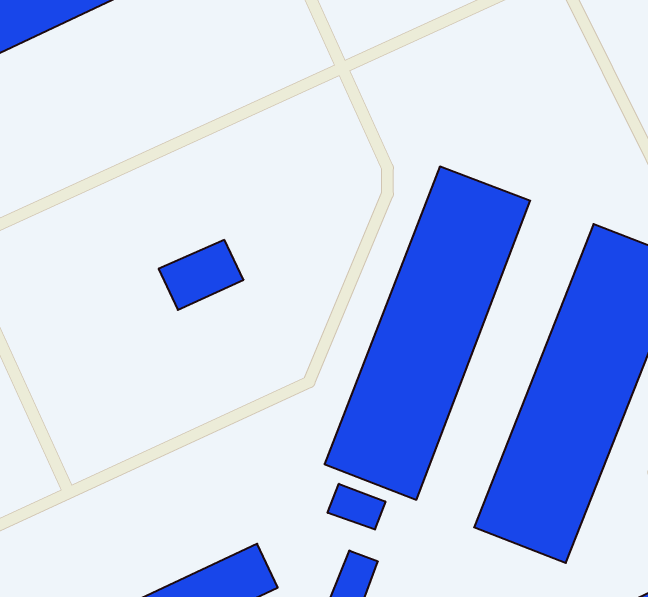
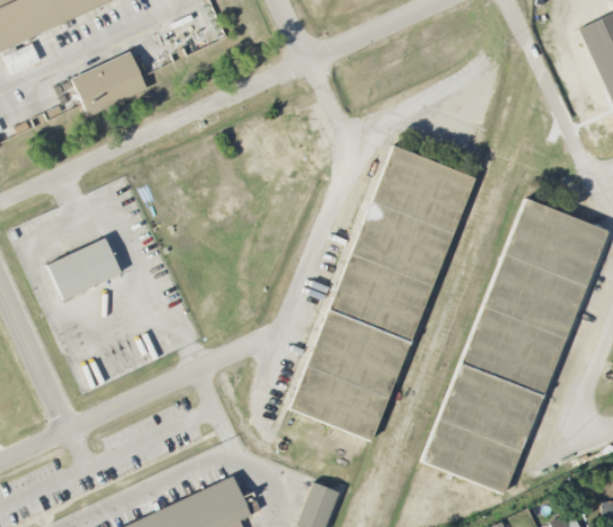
building: none -> [73,50,151,115]
building: [159,240,244,310] -> [49,240,123,301]
building: [328,484,385,530] -> none

